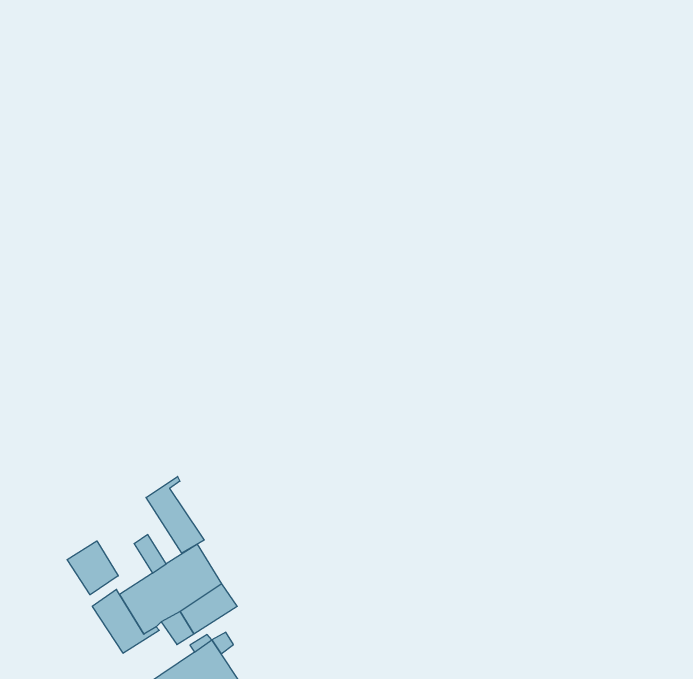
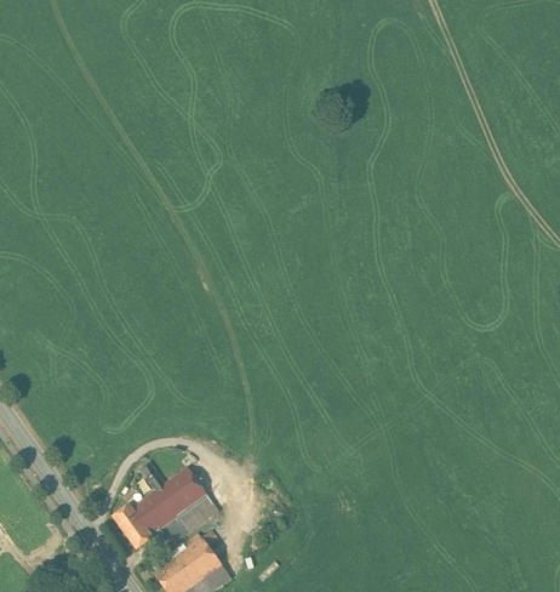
building: [146,476,204,553] -> none
building: [67,541,118,595] -> none

